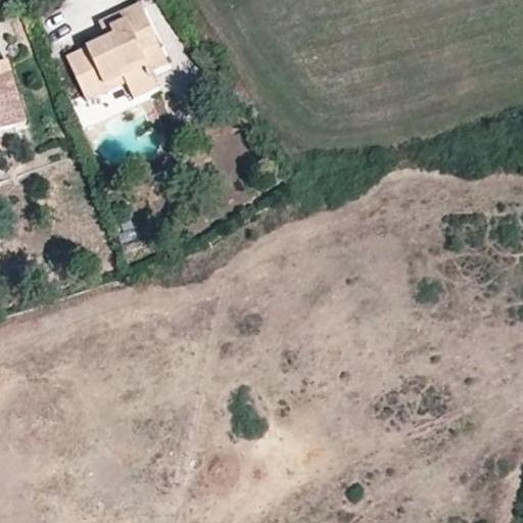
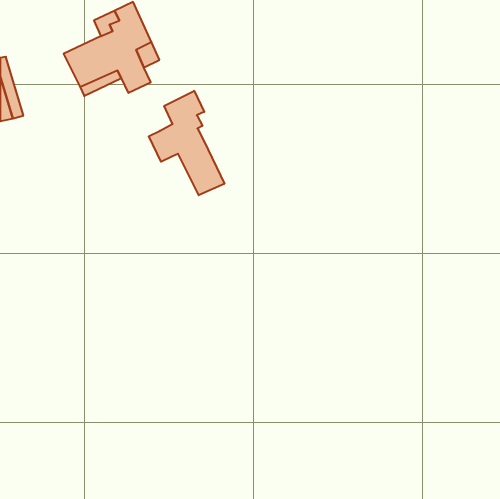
building: none -> [149,91,224,195]

